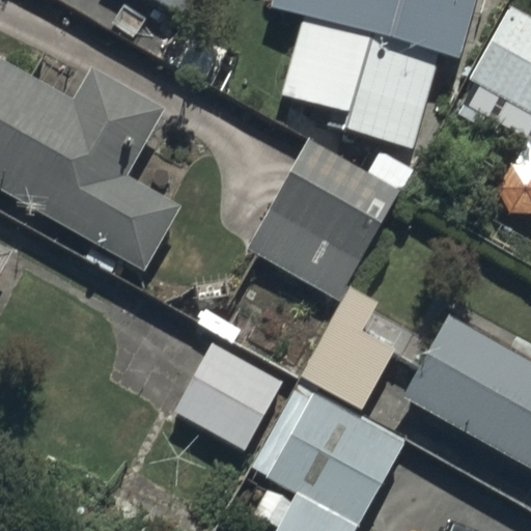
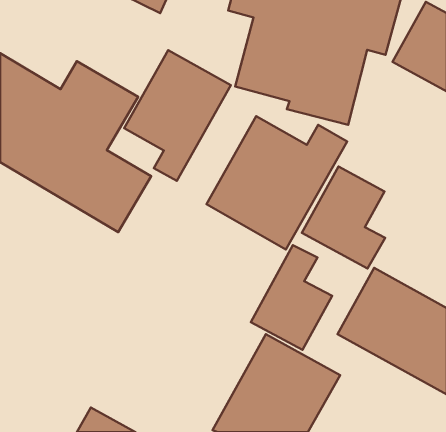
building: none -> [124,50,231,181]
building: none -> [302,166,385,268]
building: [172,336,280,442] -> none

